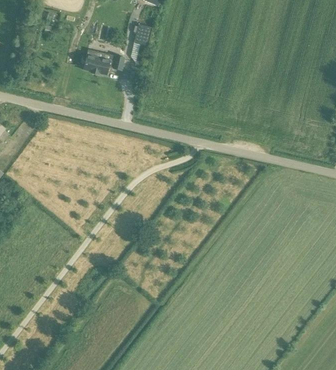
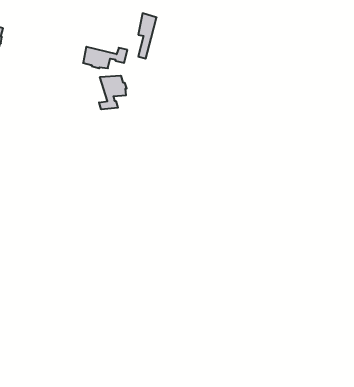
building: none -> [99,76,127,109]

